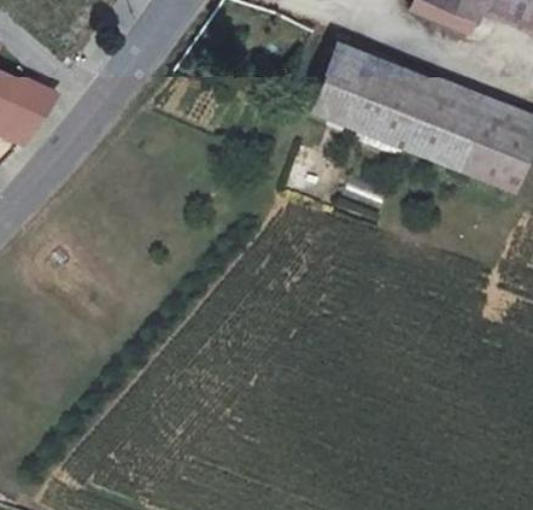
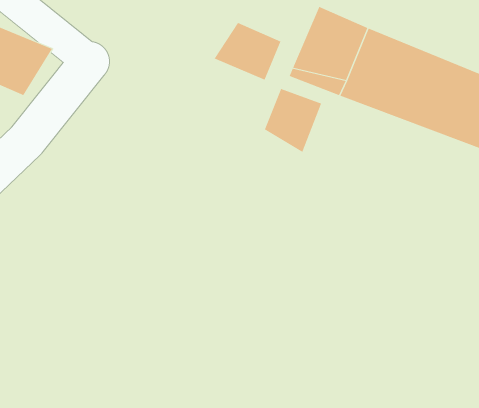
building: none -> [214,22,281,81]
building: none -> [264,88,322,153]

